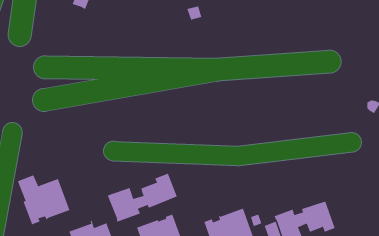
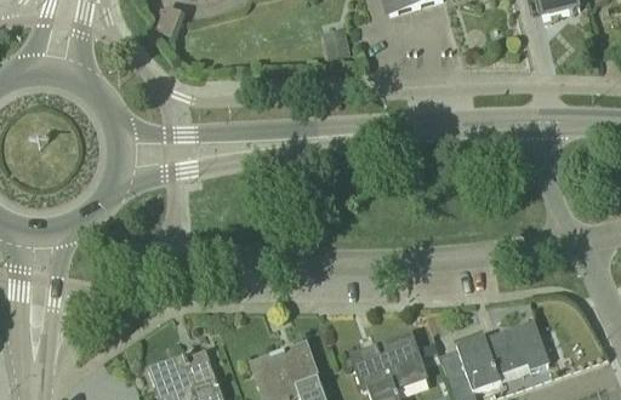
building: [107,173,178,223] -> none
building: [17,175,70,225] -> none

